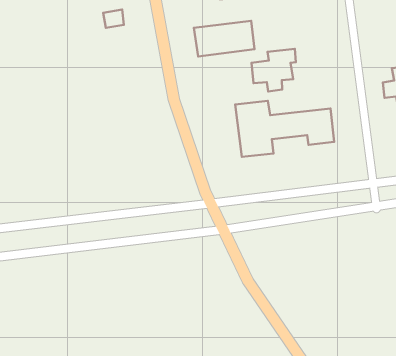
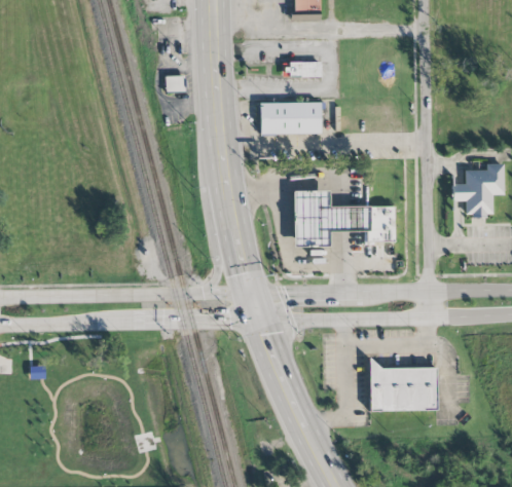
building: [251,49,296,91] -> none
building: none -> [370,366,437,409]

